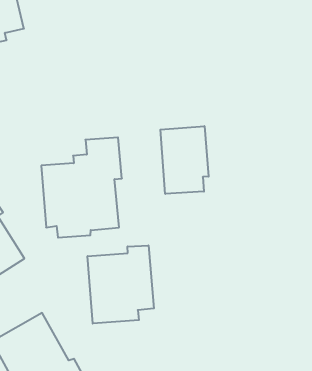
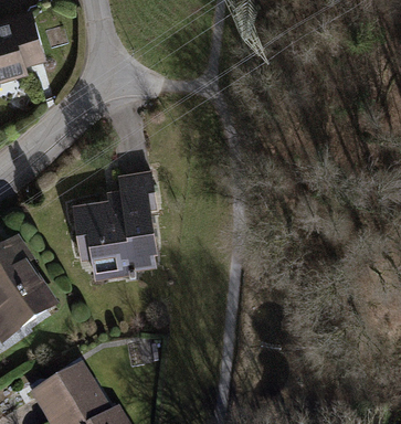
building: [160,126,209,194] -> none
building: [88,245,154,324] -> none

